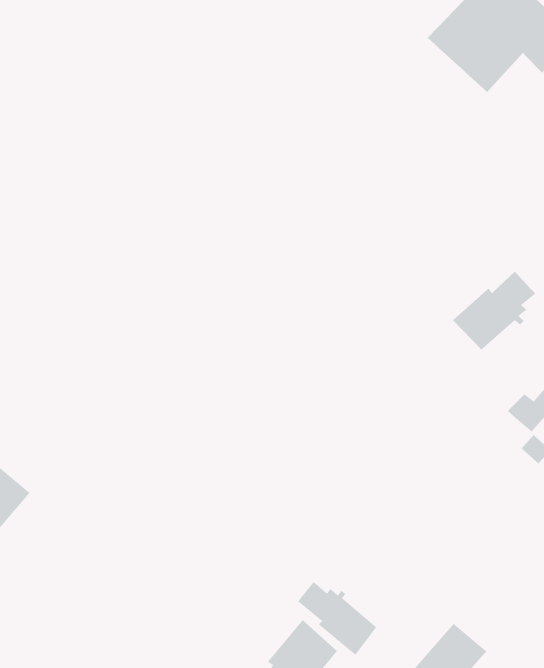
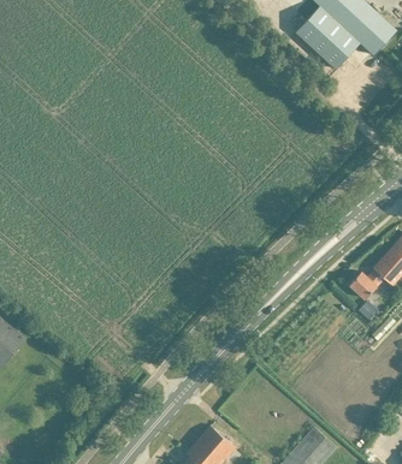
building: [452,271,536,351] -> none
building: [297,581,377,656] -> none

